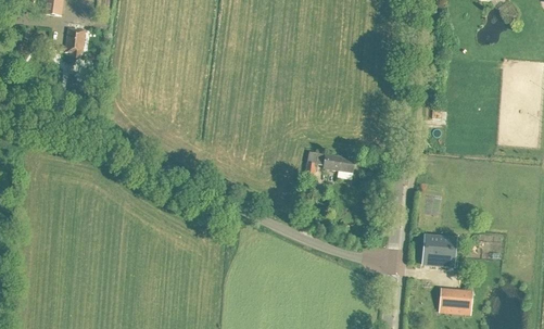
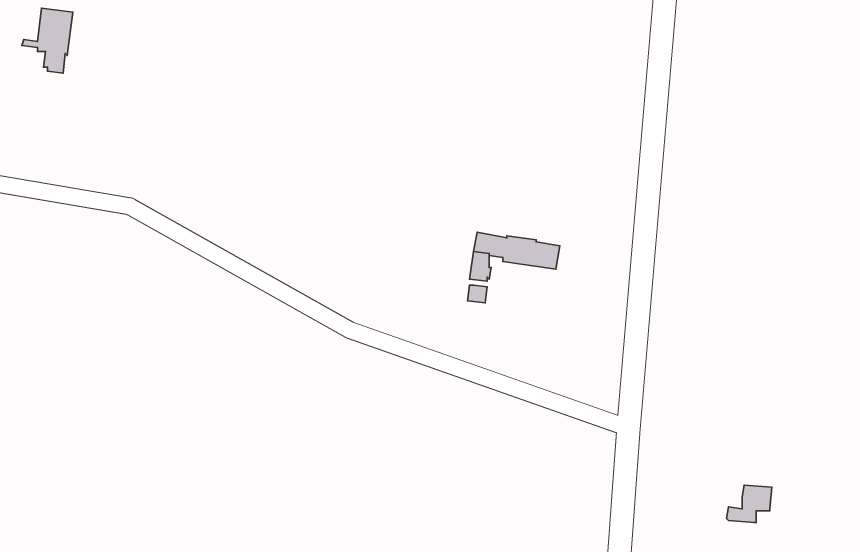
building: [425,236,452,263] -> none

